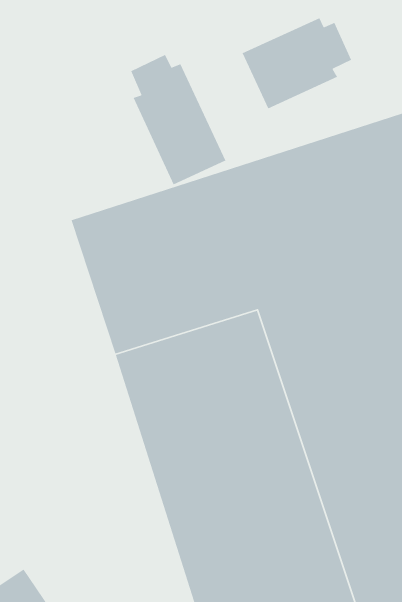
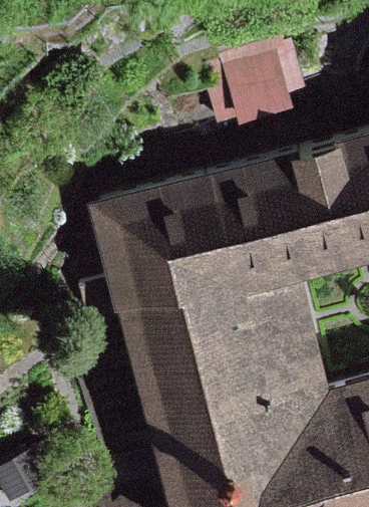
building: [130,54,226,186] -> none

